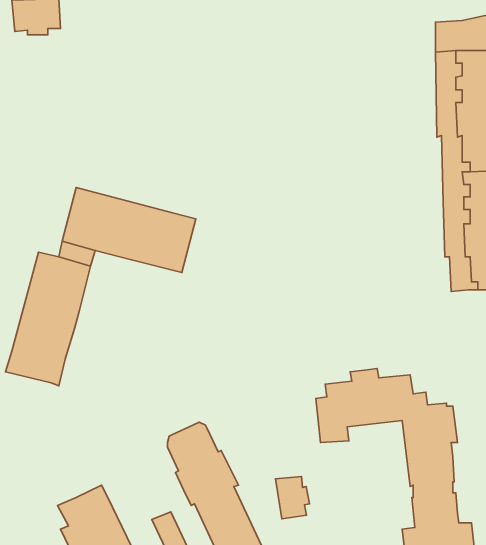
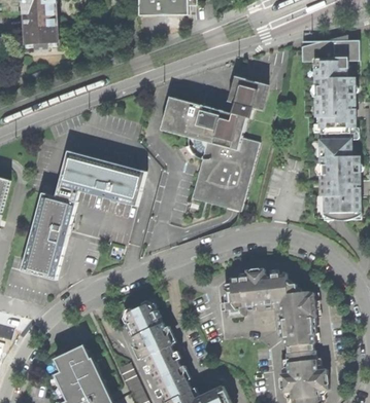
building: none -> [161,76,267,211]
building: [275,477,310,519] -> none

